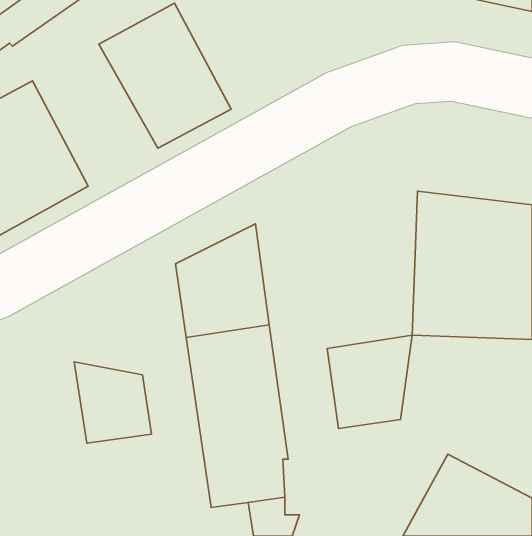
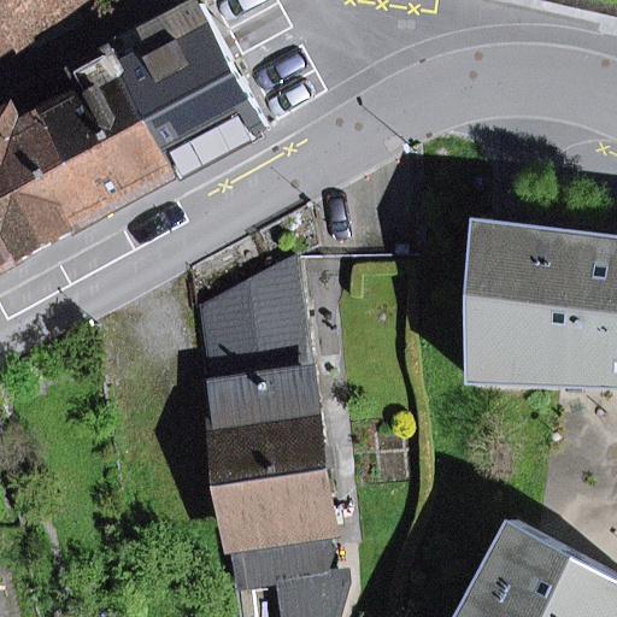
building: none -> [37,51,181,213]
building: [327,335,412,429] -> none
building: [74,362,151,443] -> none

